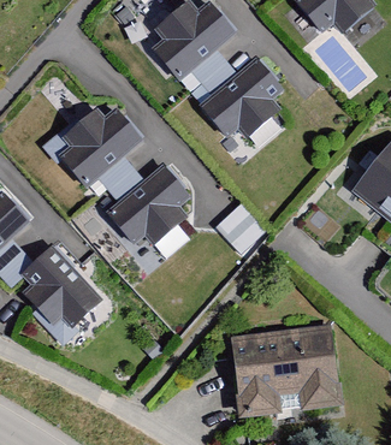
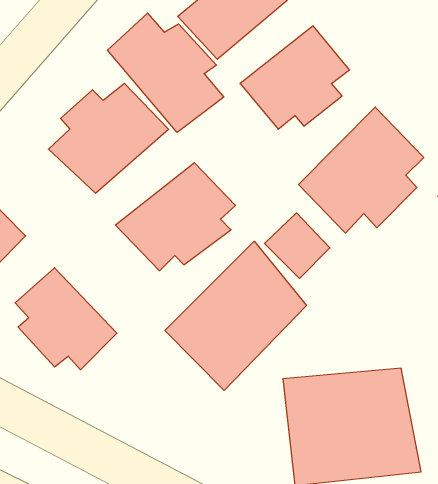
building: none -> [107,13,224,132]
building: none -> [299,107,424,233]
building: none -> [165,241,306,390]

